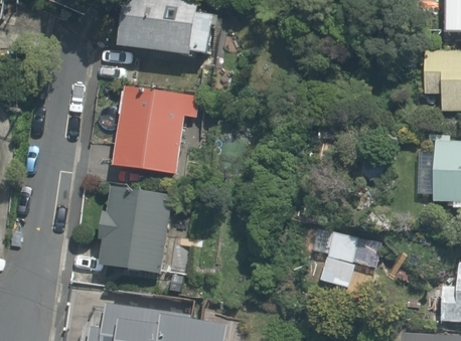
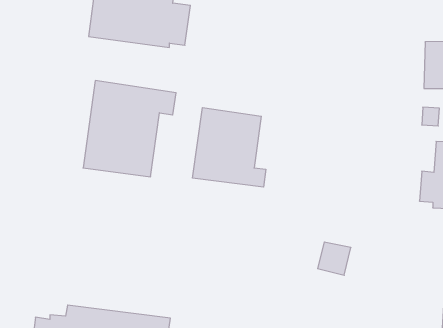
building: none -> [193,108,266,187]
building: [100,186,173,274] -> none

